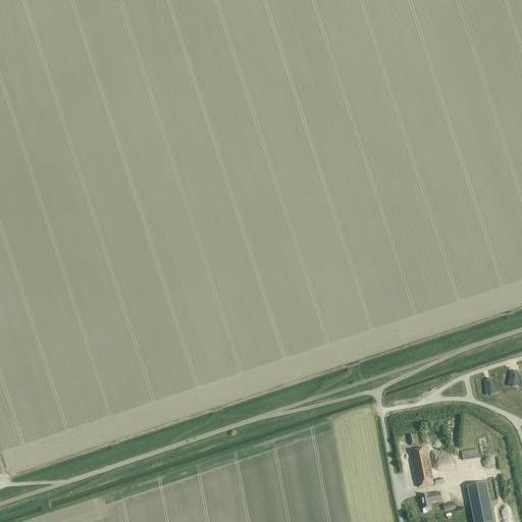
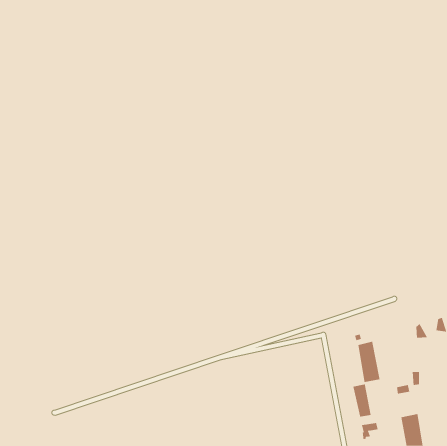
building: none -> [358,341,380,383]

